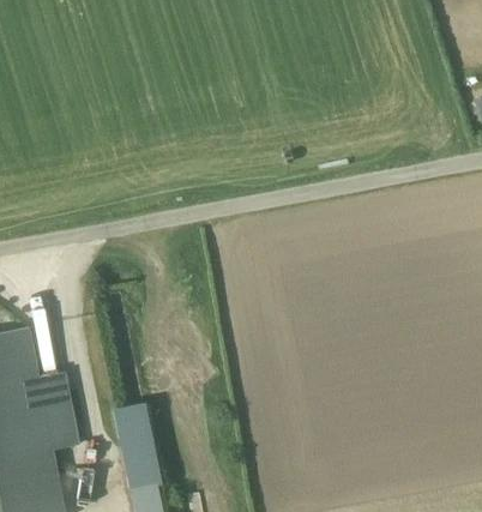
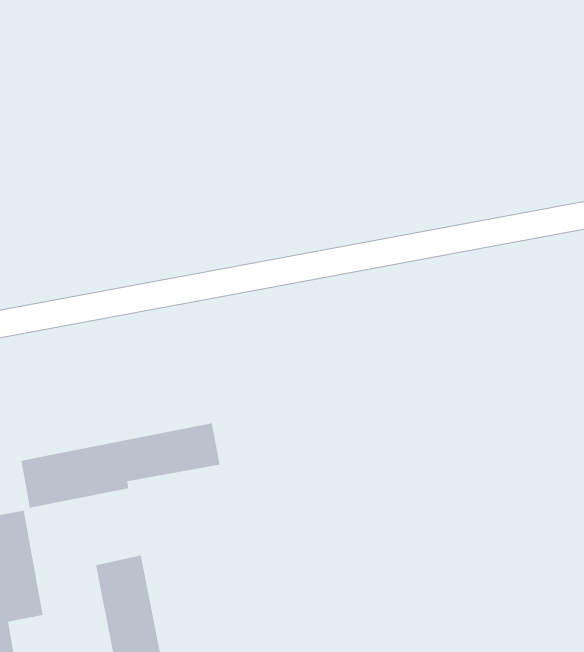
building: none -> [21,422,220,508]

